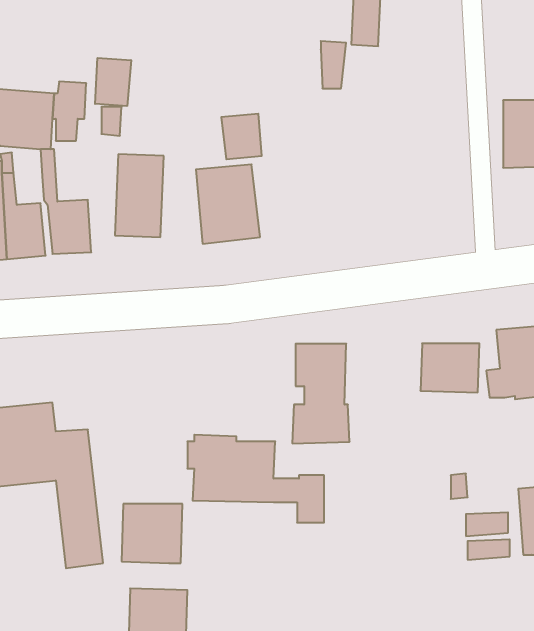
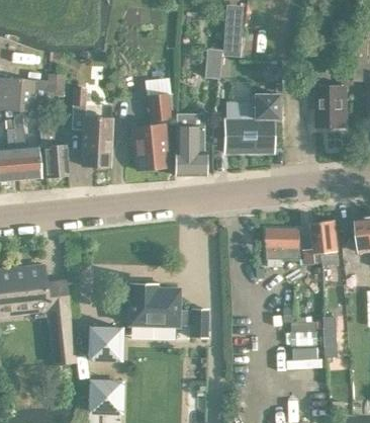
building: [95,58,131,106] -> none
building: none -> [222,94,277,153]
building: [292,344,350,443] -> [173,115,207,175]

